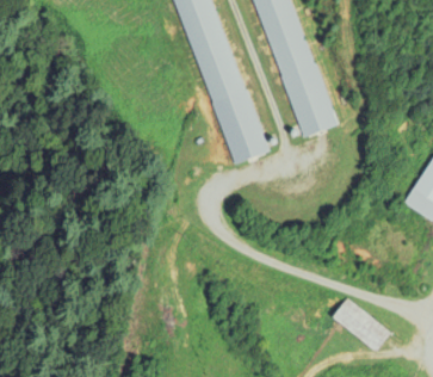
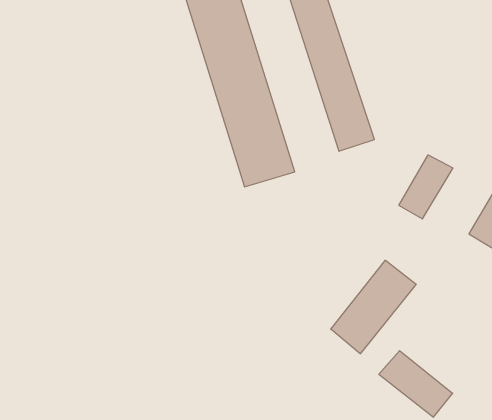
building: none -> [399,155,453,219]
building: none -> [331,260,416,354]

